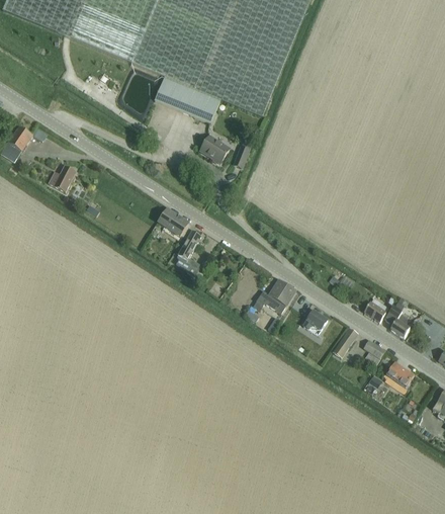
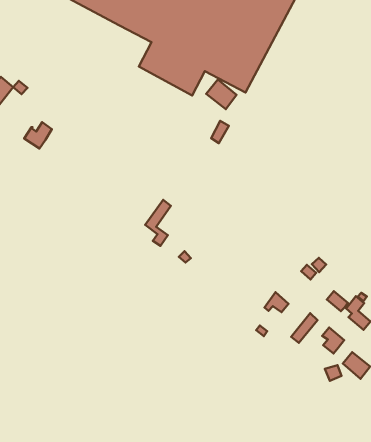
building: [198,135,229,163] -> [206,80,237,109]
building: [157,207,188,236] -> none
building: [252,279,294,313] -> none

